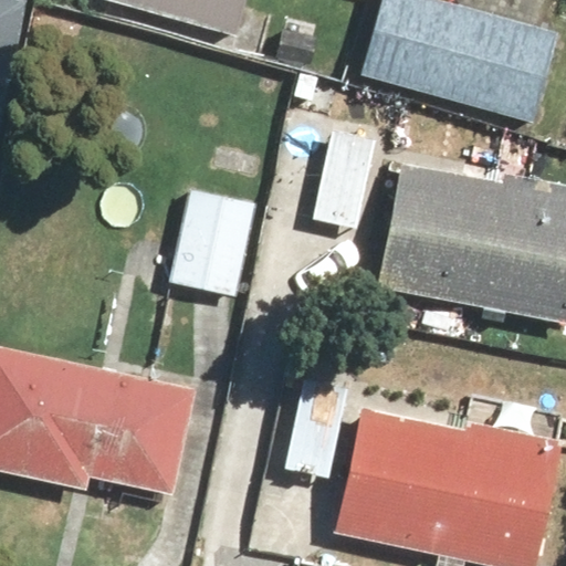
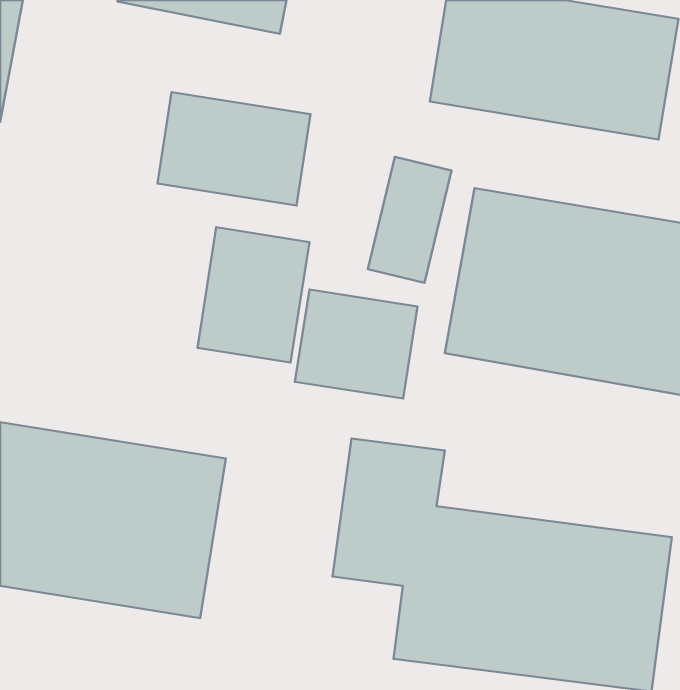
building: none -> [157,92,311,205]
building: none -> [295,290,418,399]

